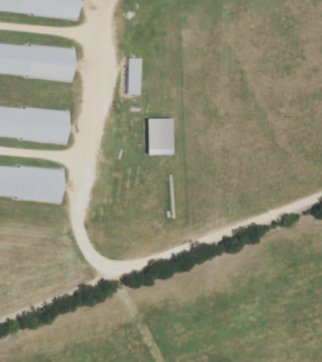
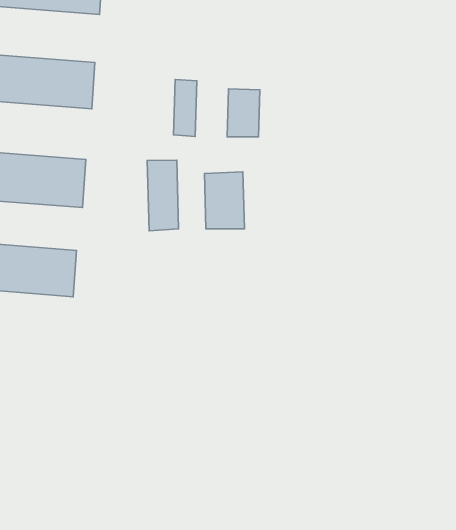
building: none -> [227,89,260,137]
building: none -> [147,160,179,231]

